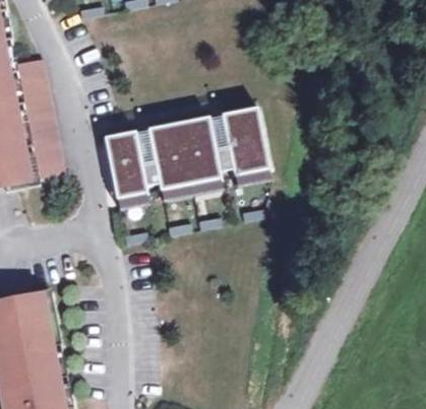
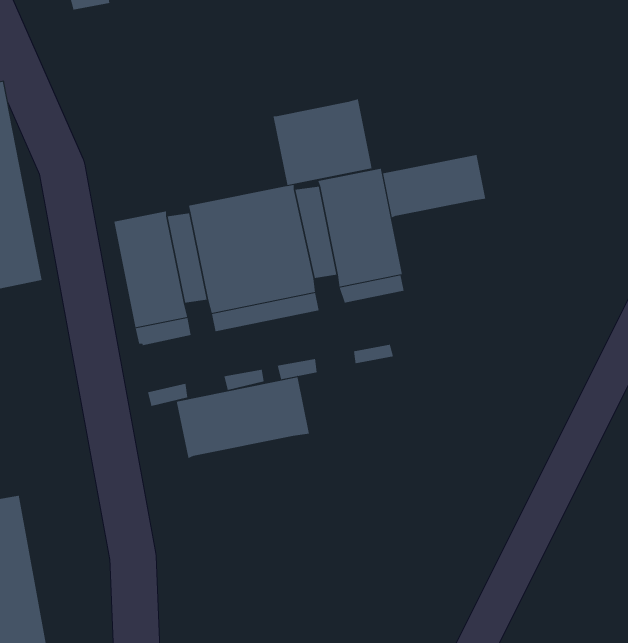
building: none -> [273,98,372,186]
building: none -> [382,154,486,218]
building: none -> [176,376,310,459]

